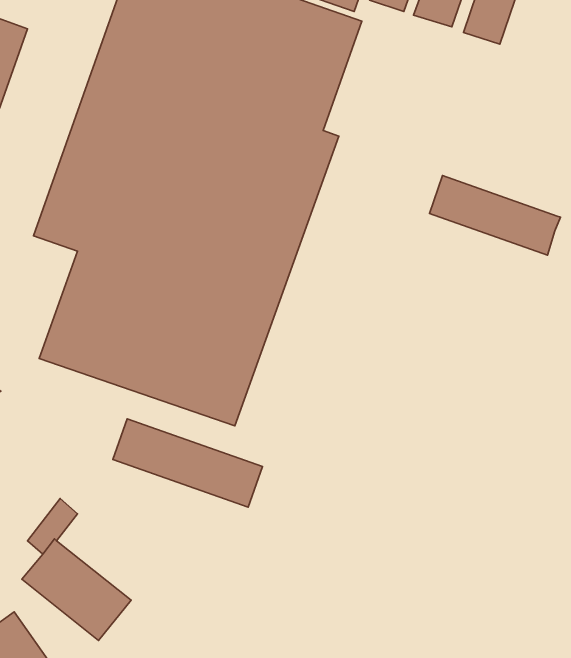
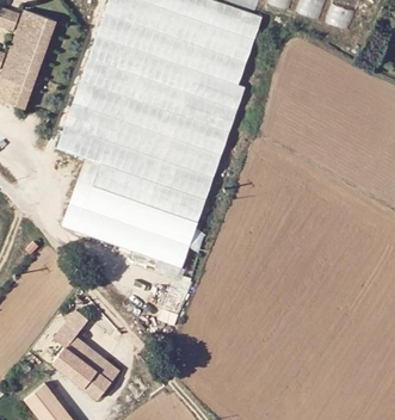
building: [430,176,561,255] -> none
building: [113,419,262,507] -> none

